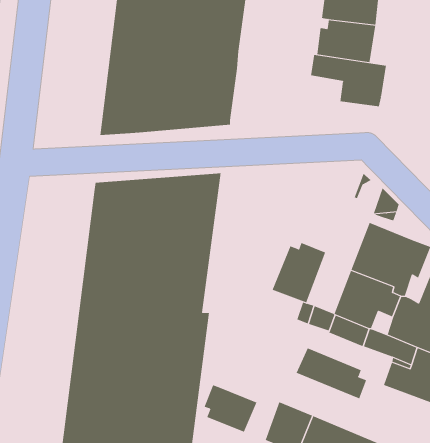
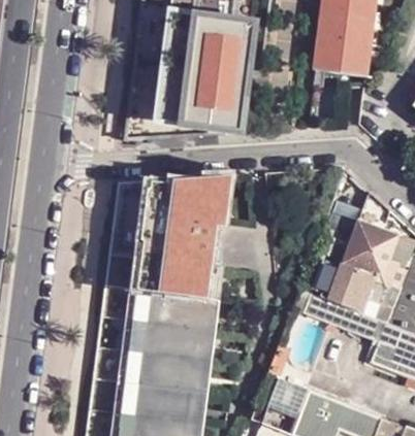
building: [310,54,387,107] -> none
building: [272,242,326,303] -> none
building: [296,348,367,399] -> none
building: [204,384,257,433] -> none

